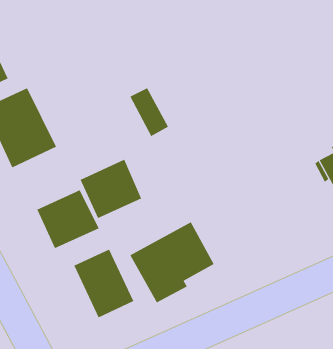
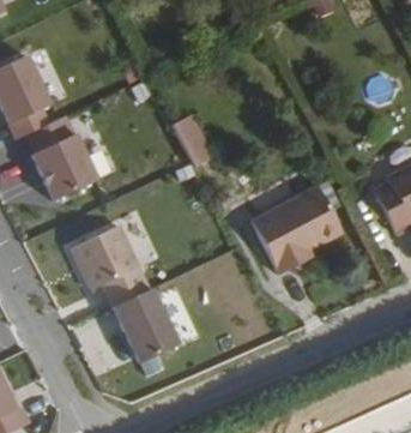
building: [80,159,142,219] -> none
building: [130,222,215,303] -> [252,186,343,273]

